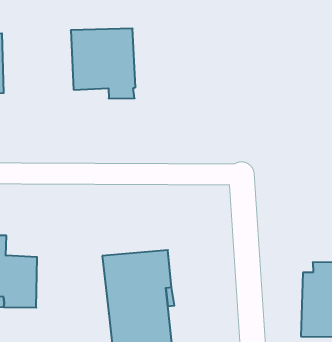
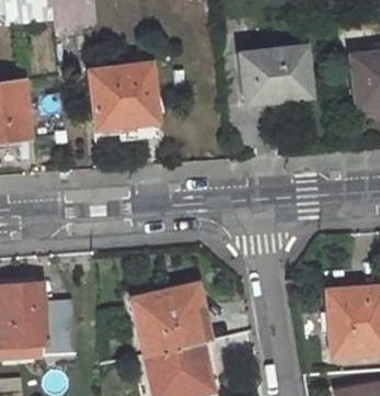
building: none -> [234,48,308,109]

